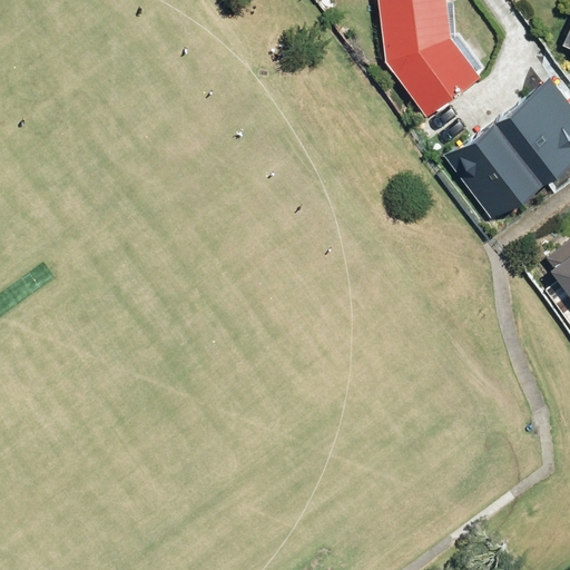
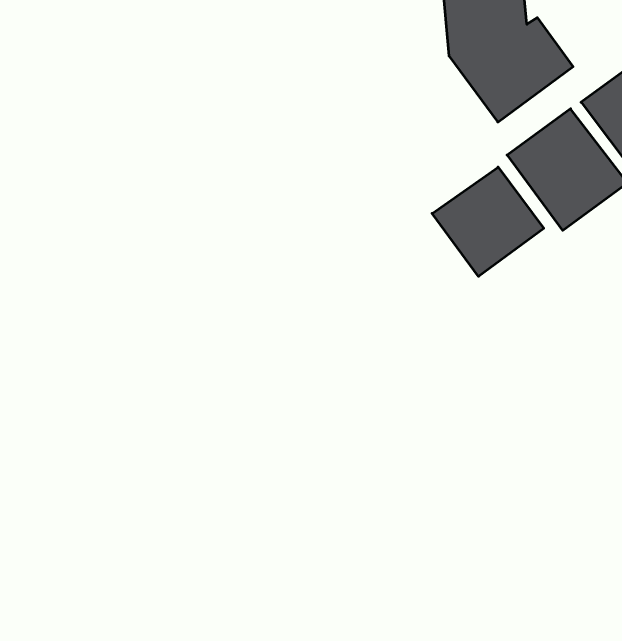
building: none -> [432,167,544,276]

